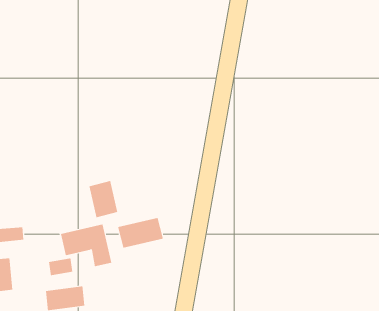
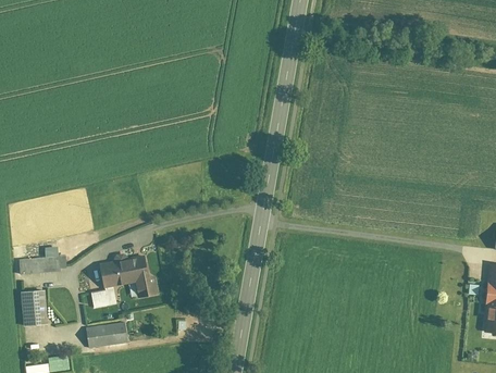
building: [89,180,118,218] -> none
building: [117,217,164,249] -> none

